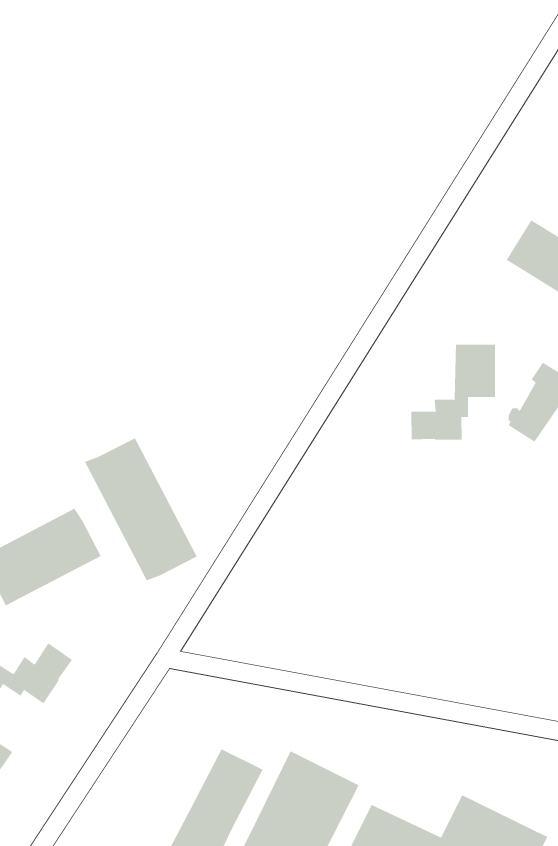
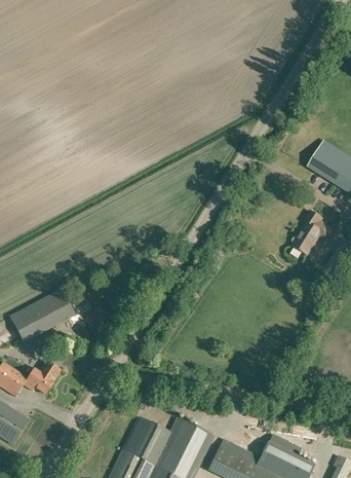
building: [411,344,496,441] -> none
building: [84,437,198,581] -> none

